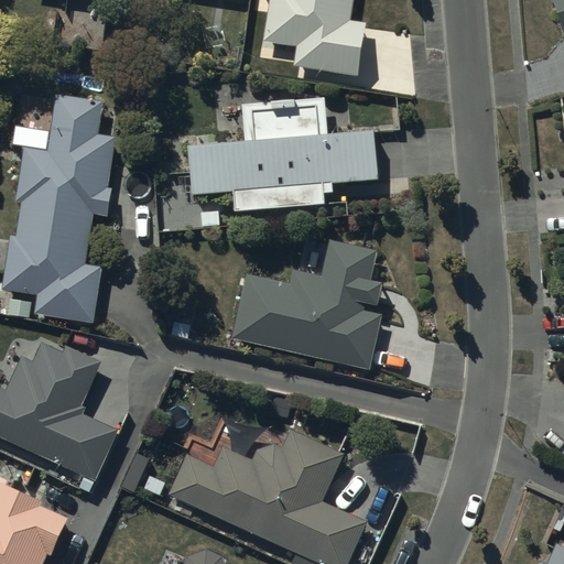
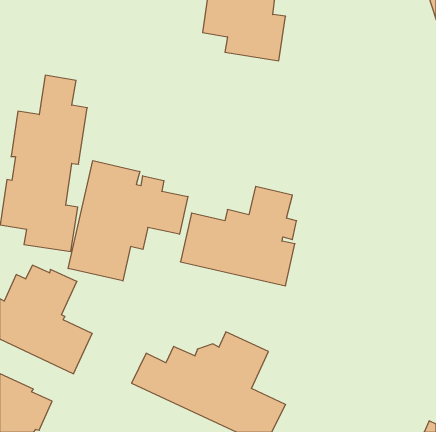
building: [188,99,377,213] -> none
building: none -> [68,161,188,281]

